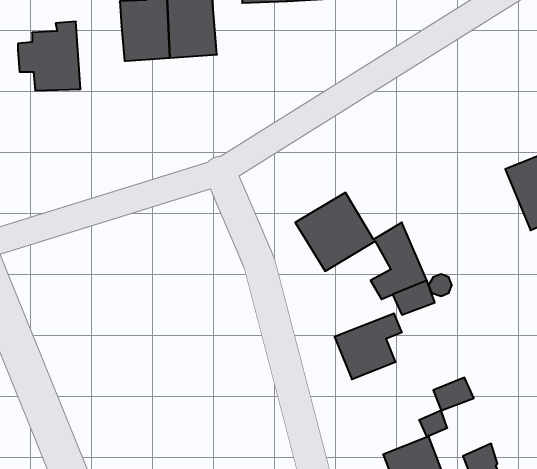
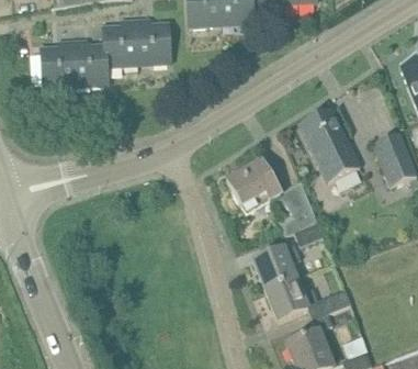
building: none -> [72,38,109,87]
building: none -> [298,108,360,183]
building: none -> [266,278,320,321]

